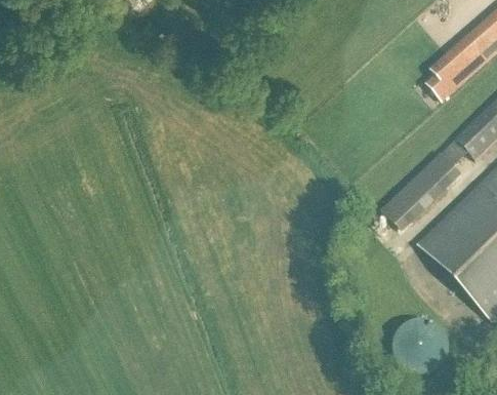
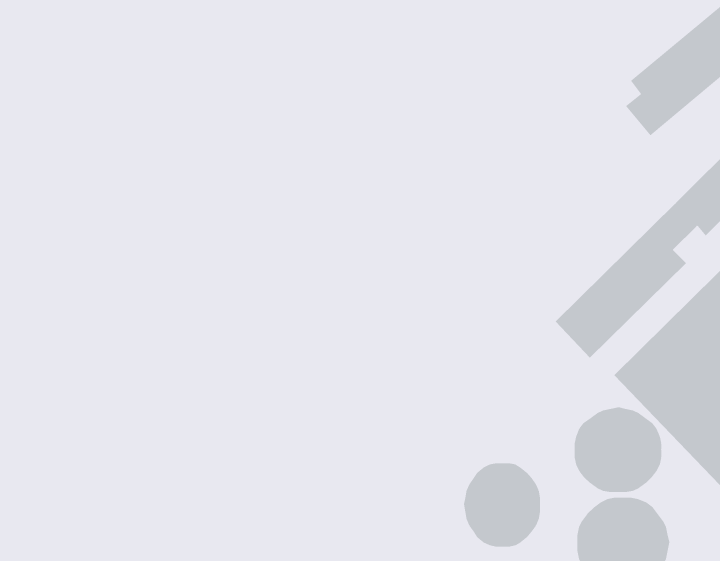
building: none -> [574,407,662,493]
building: none -> [463,462,541,547]

